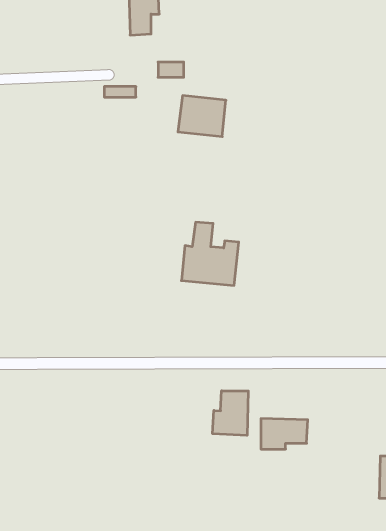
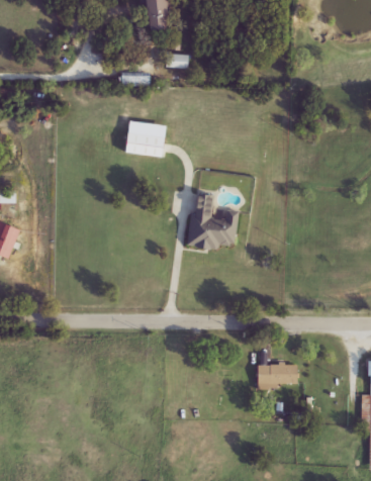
building: [178,96,226,137] -> [125,121,167,157]
building: [213,391,248,435] -> none

